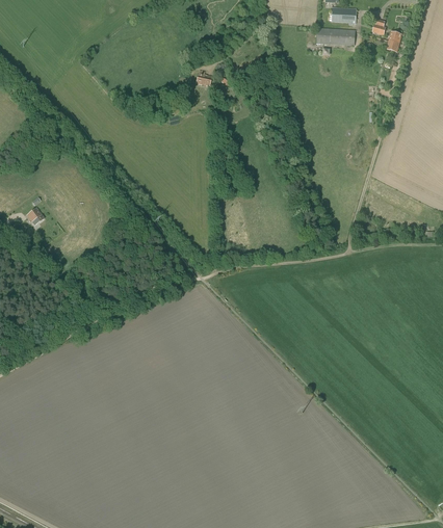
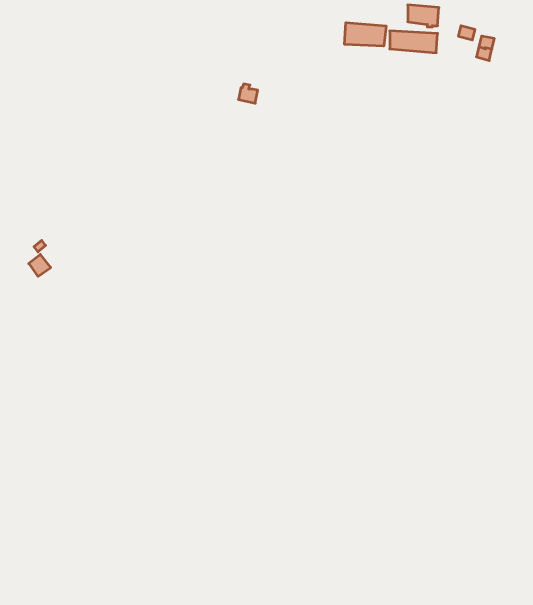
building: none -> [345,23,386,46]

